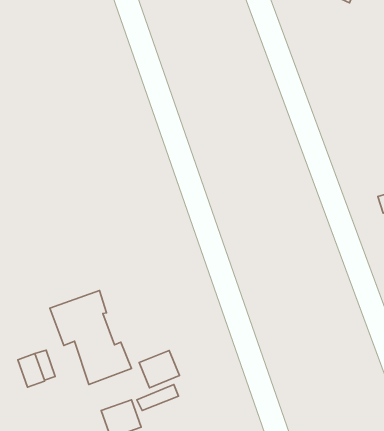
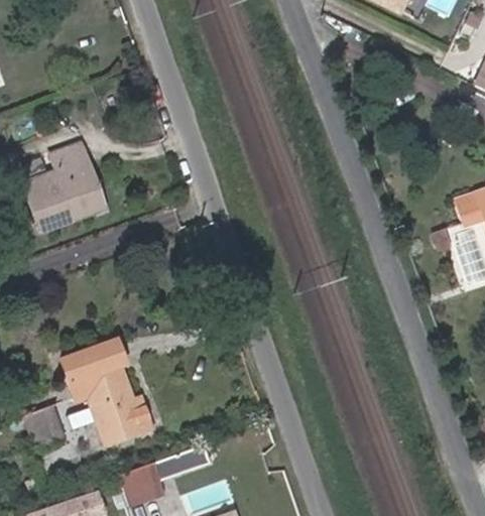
building: none -> [23,142,105,230]
building: [139,350,179,388] -> none

